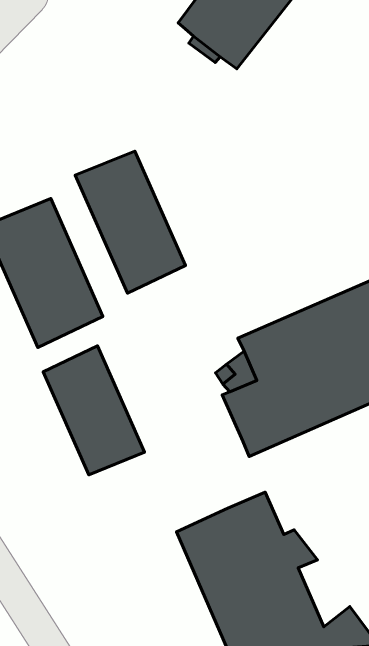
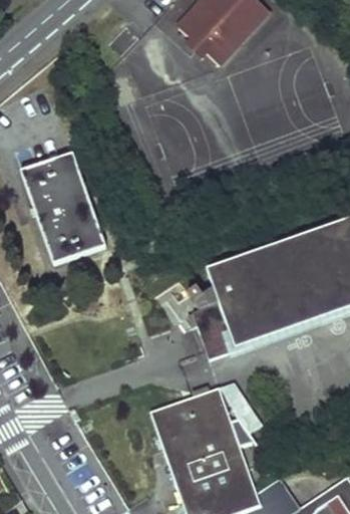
building: [75,151,185,293] -> none
building: [43,346,144,475] -> none

